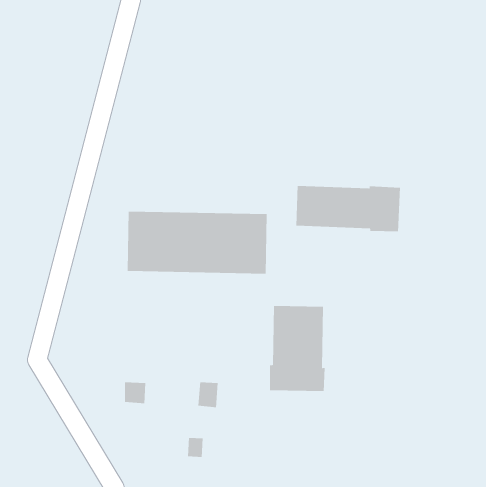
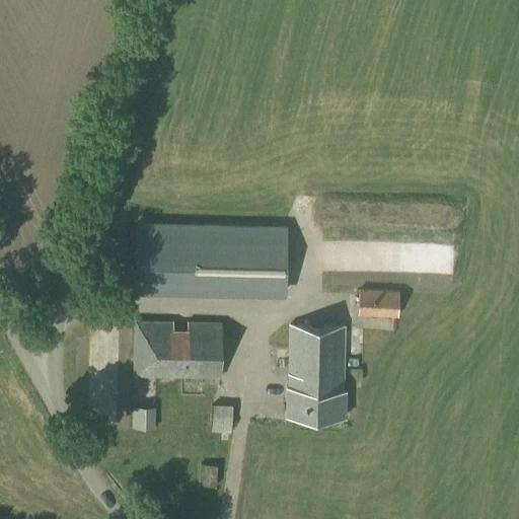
building: [296,185,400,232] -> none
building: none -> [360,289,399,317]
building: none -> [136,321,223,378]

